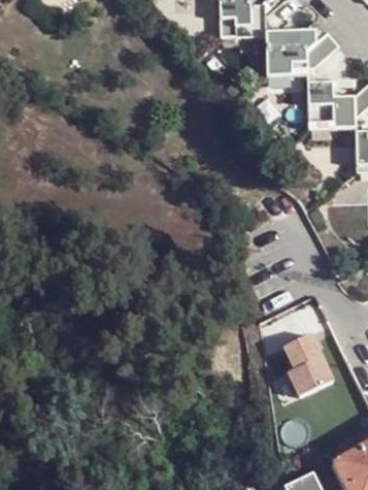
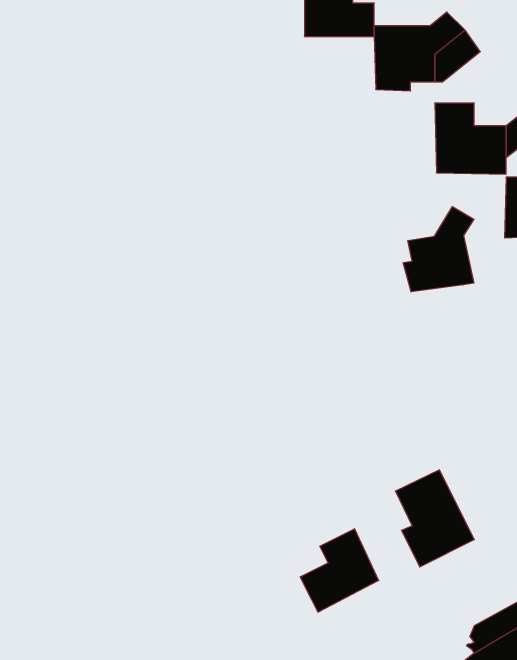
building: none -> [403,207,474,292]
building: none -> [300,529,379,612]

